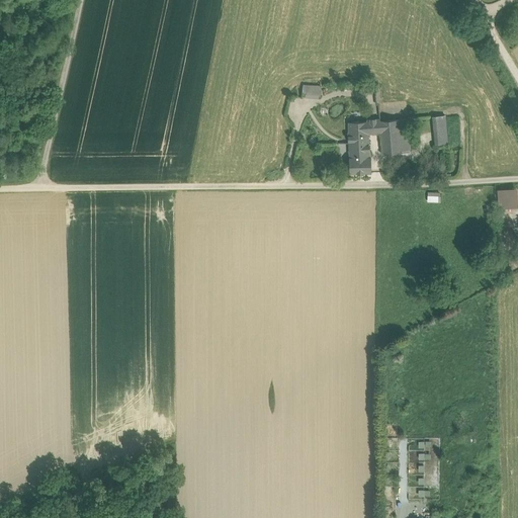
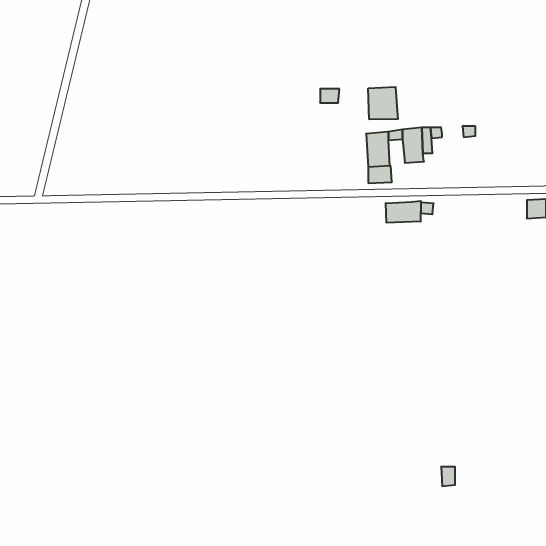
building: none -> [368,87,398,119]
building: none -> [386,201,421,223]

